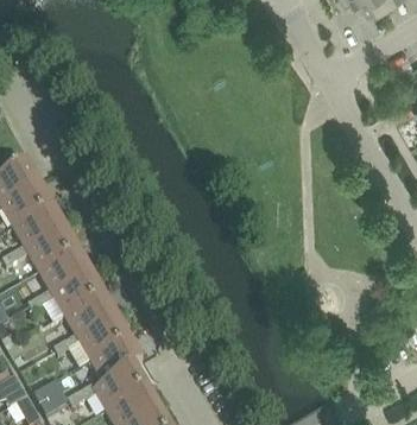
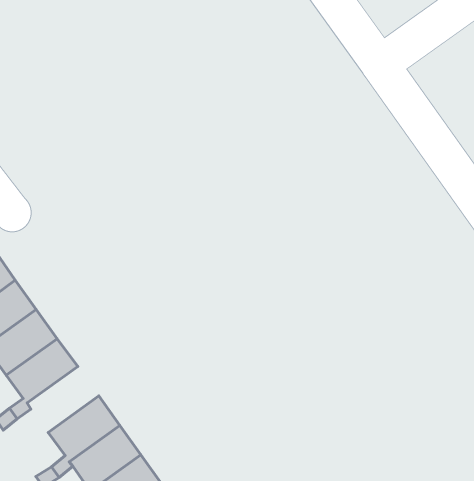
building: [51,275,103,321] -> none

